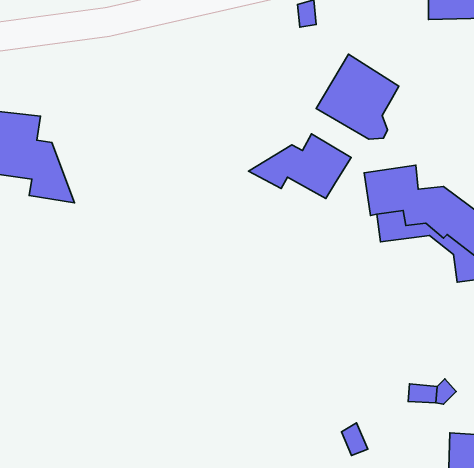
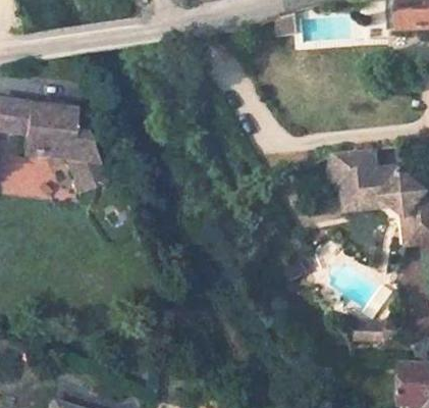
building: [316,54,399,139] -> none
building: [248,134,351,199] -> none

